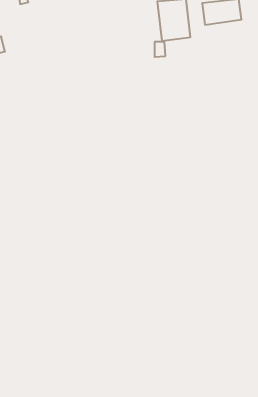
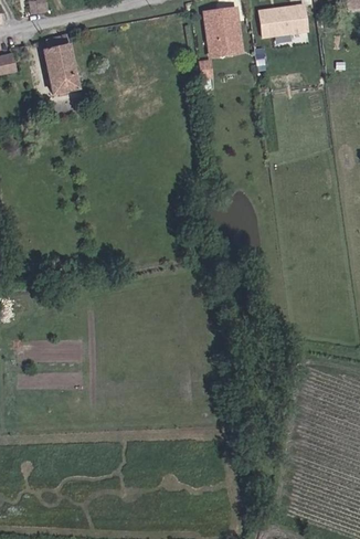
building: none -> [43,33,78,87]

